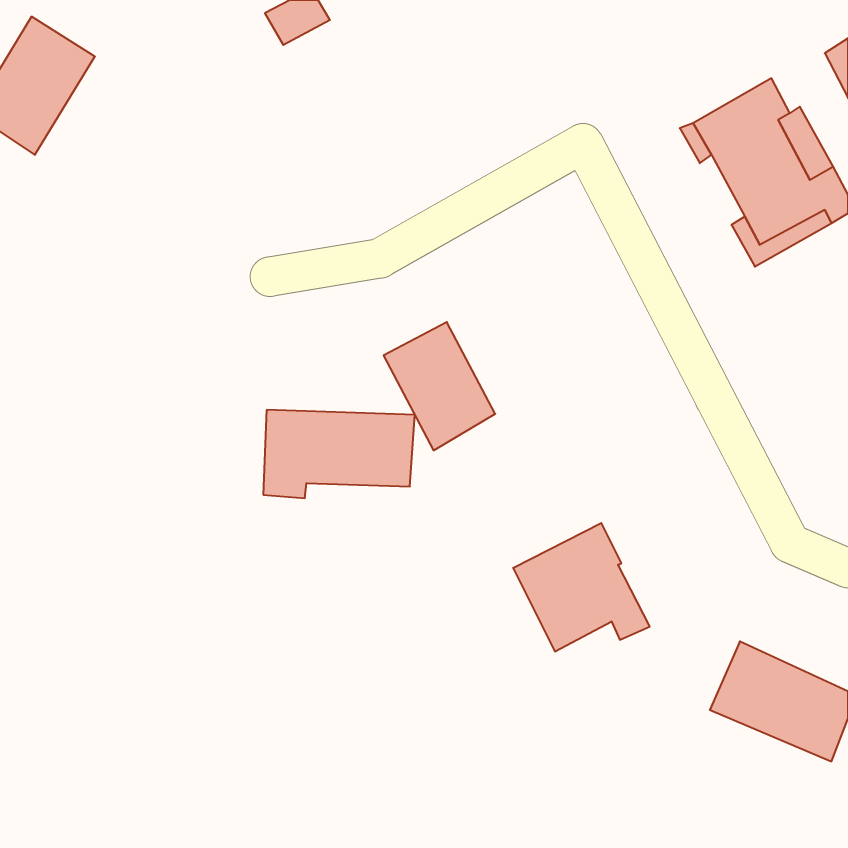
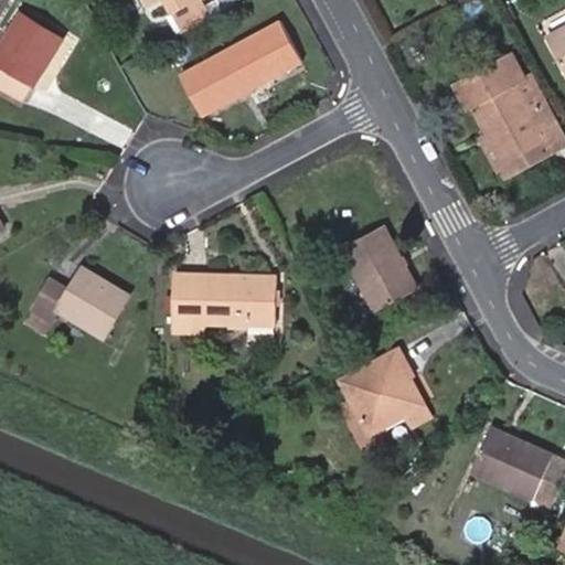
building: none -> [180,21,301,115]
building: [384,322,495,450] -> [342,225,416,310]
building: none -> [34,267,130,337]

